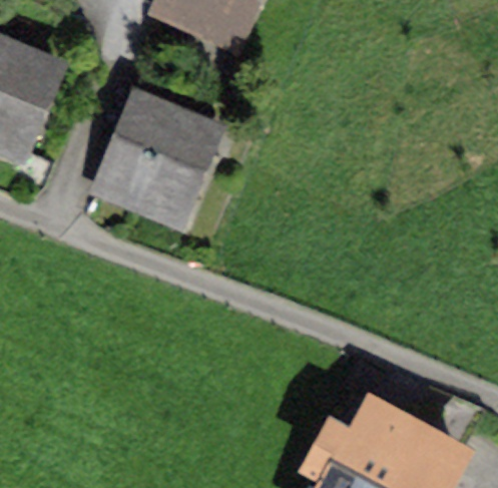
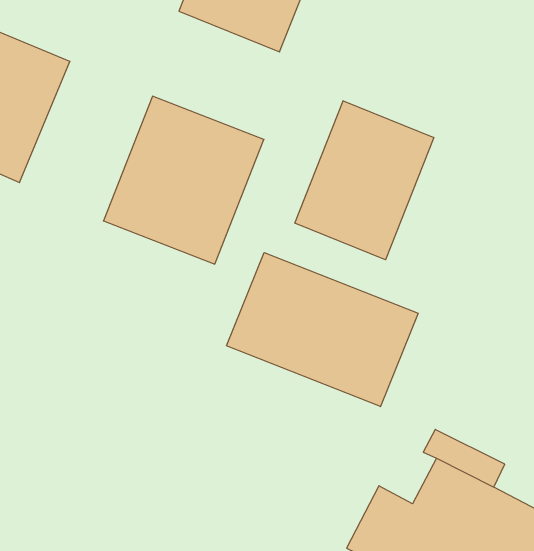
building: none -> [295,101,434,260]
building: none -> [227,253,418,407]

